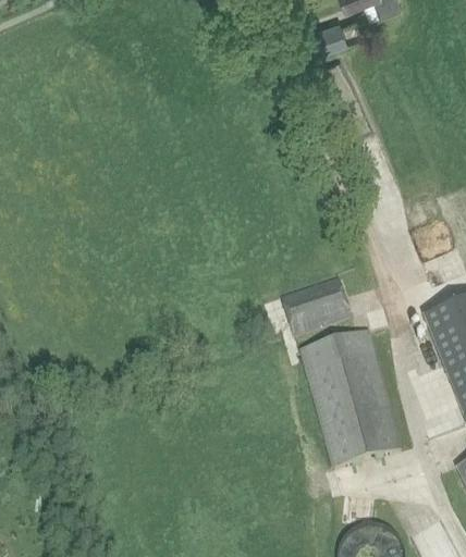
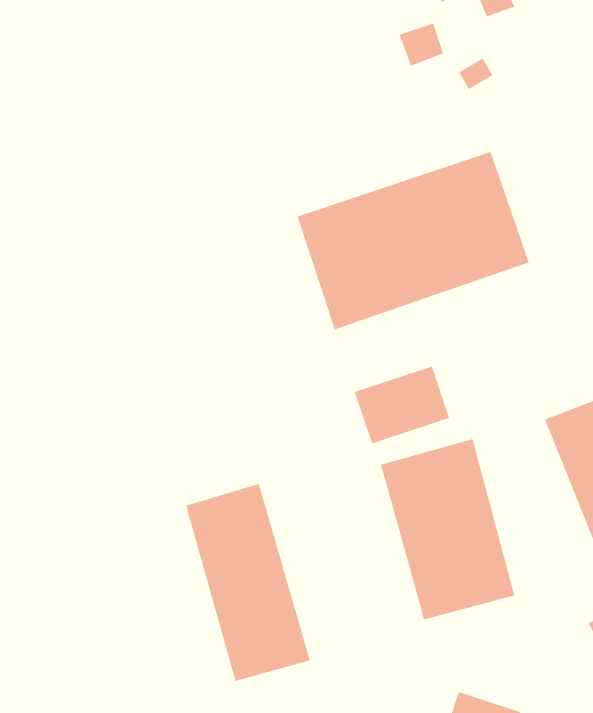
building: none -> [297,151,529,330]
building: none -> [186,483,310,682]

